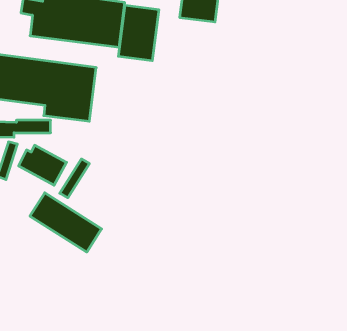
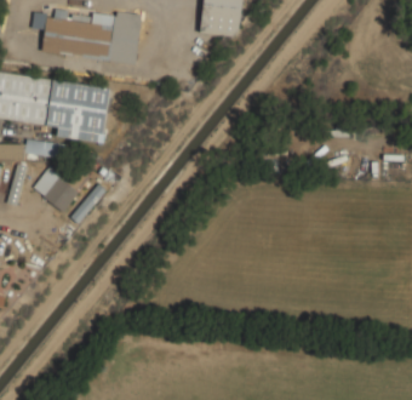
building: [118,5,159,61] -> none
building: [30,193,102,252] -> none

